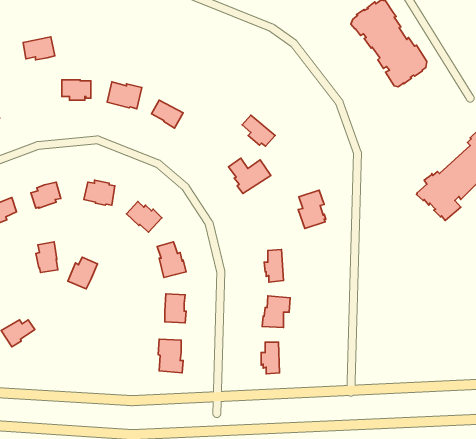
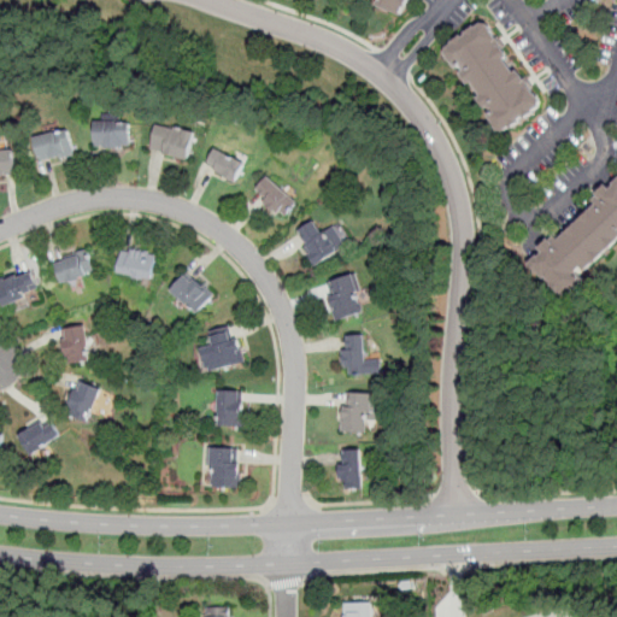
building: [23,37,55,60] -> [28,130,67,159]
building: [242,115,275,146] -> [254,177,295,216]
building: [298,190,326,229] -> [323,271,358,319]
building: [68,257,98,289] -> [58,382,95,422]

